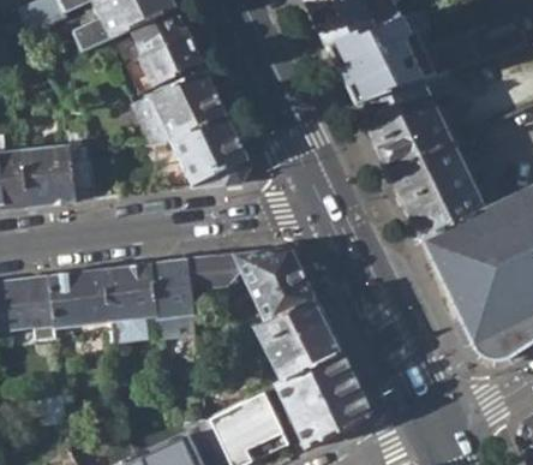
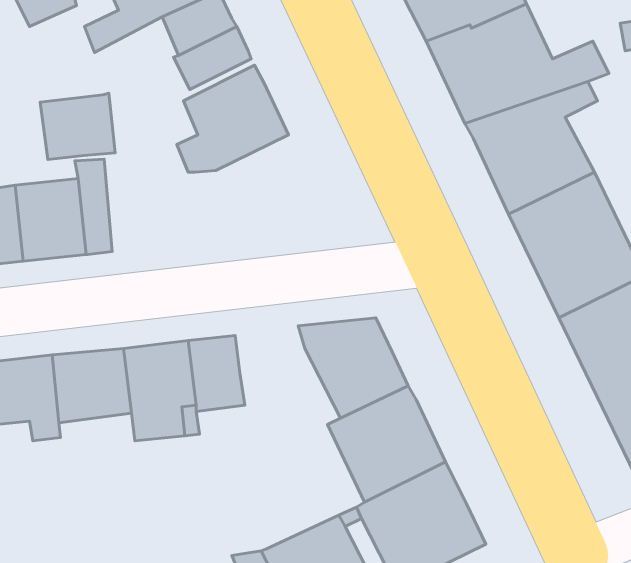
building: none -> [40,93,115,159]
building: [170,111,251,185] -> none
building: [185,252,236,287] -> none

